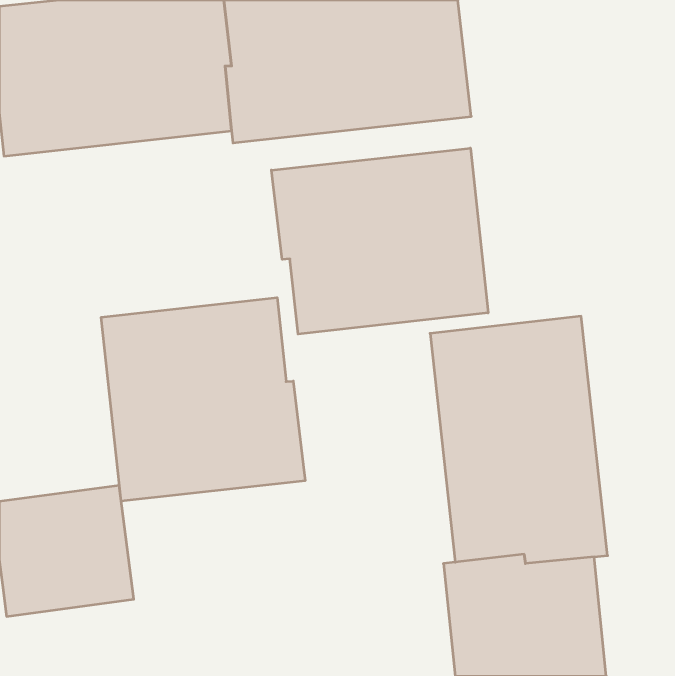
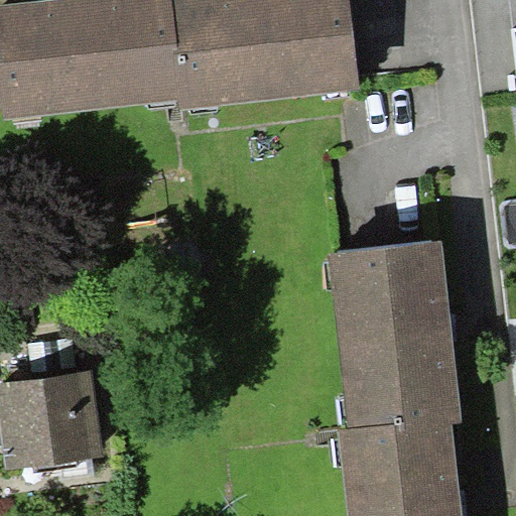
building: [271,148,488,334] -> none
building: [101,298,305,501] -> none

